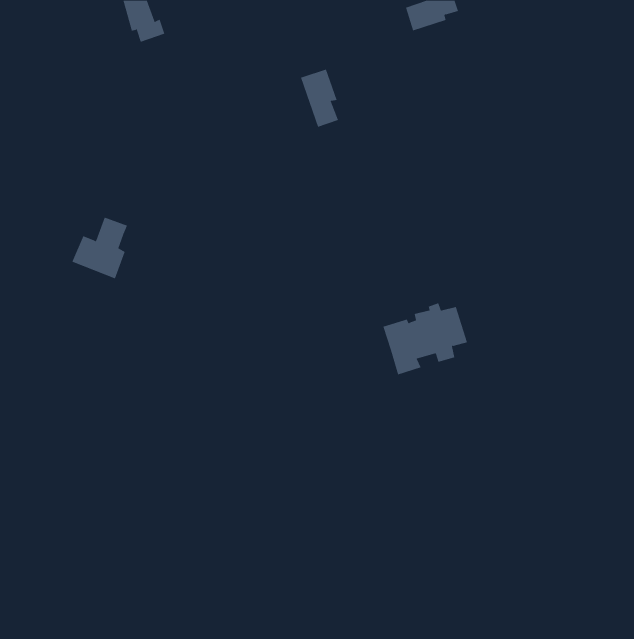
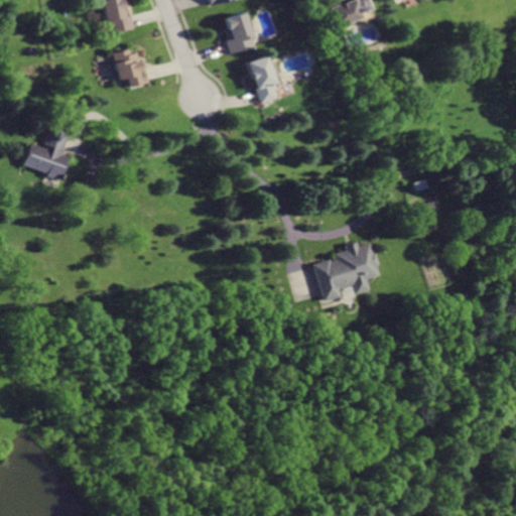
building: none -> [226,11,258,54]
building: none -> [113,47,150,88]
building: [72,217,128,279] -> [24,128,70,178]

